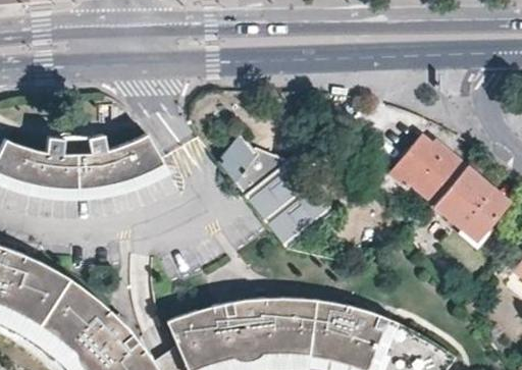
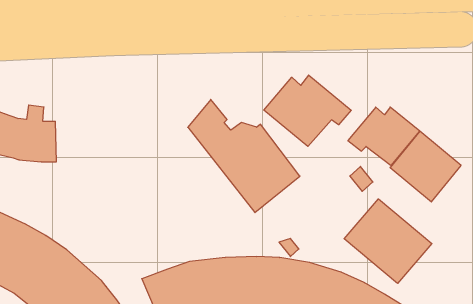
building: none -> [264,75,351,146]
building: [75,135,167,198] -> none
building: none -> [344,199,432,283]

